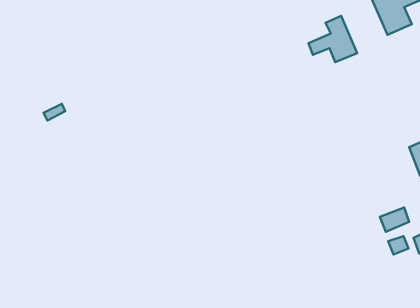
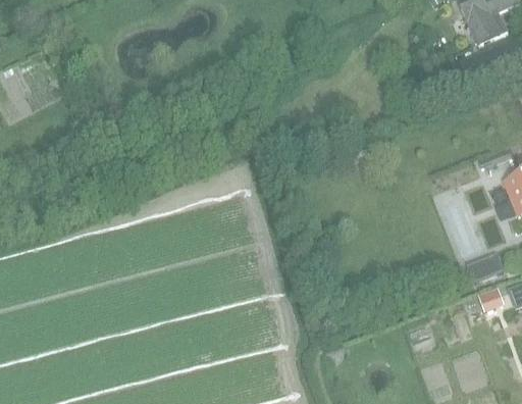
building: [308,16,357,62] -> none

